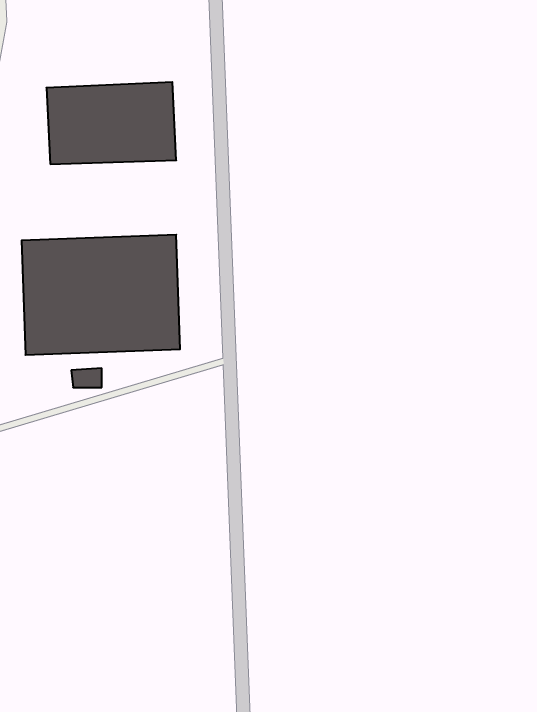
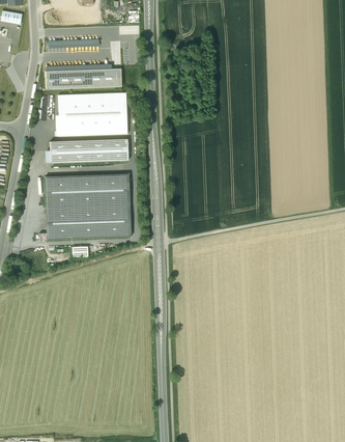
building: none -> [46,68,121,89]
building: none -> [49,138,128,162]

